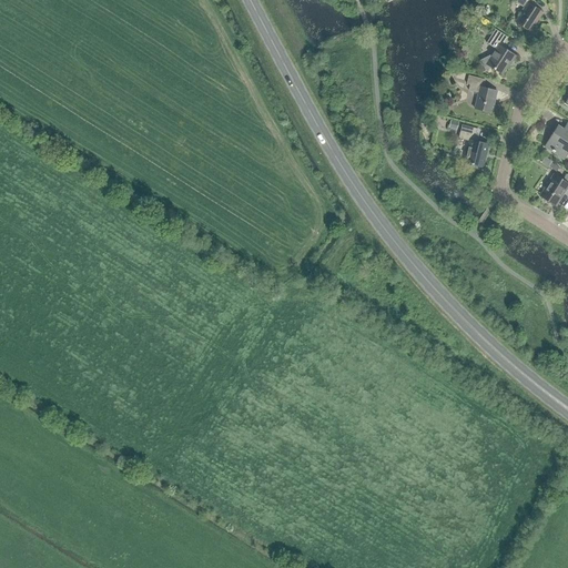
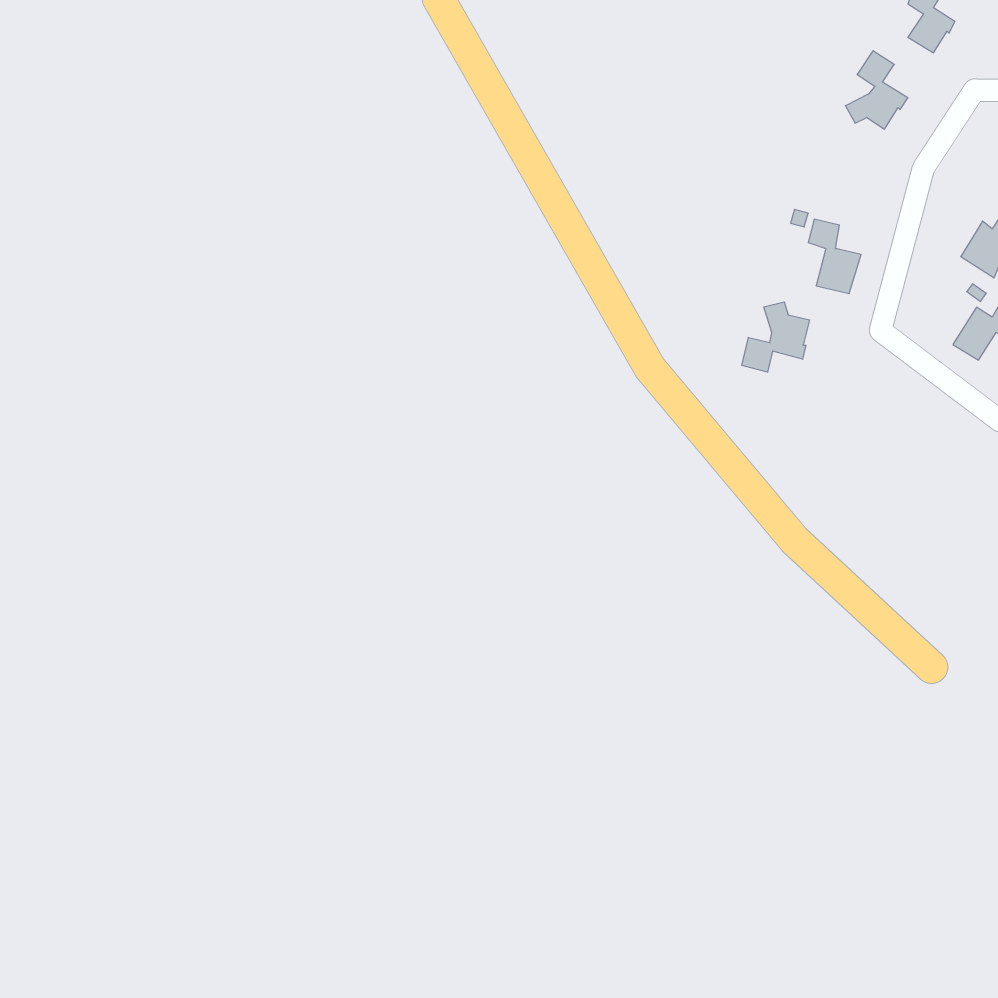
building: [467,75,497,112] -> none
building: none -> [742,302,810,372]

